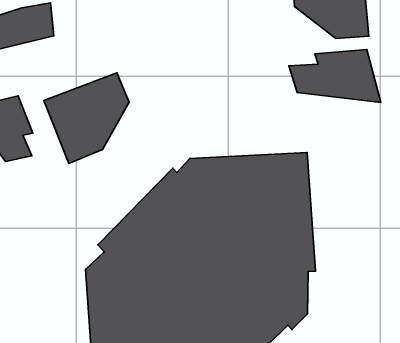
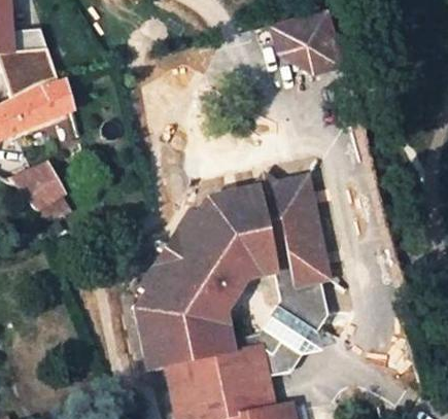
building: [289,49,381,102] -> none
building: [44,73,129,164] -> none

